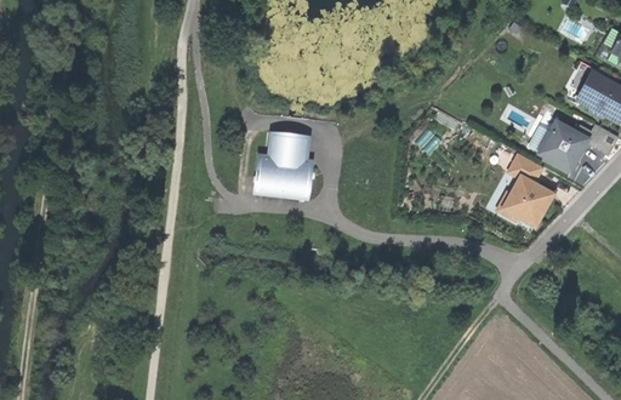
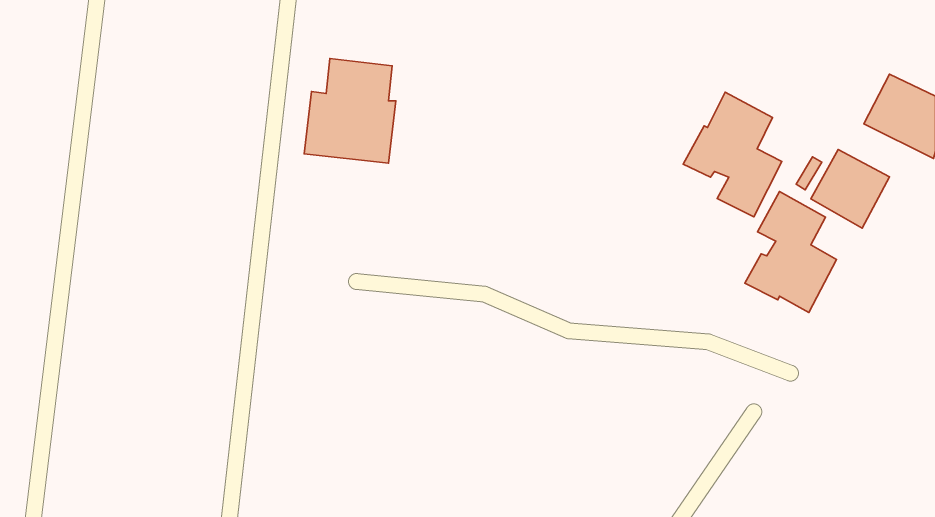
building: none -> [683,92,782,217]
building: [252,132,313,201] -> [304,58,396,163]

